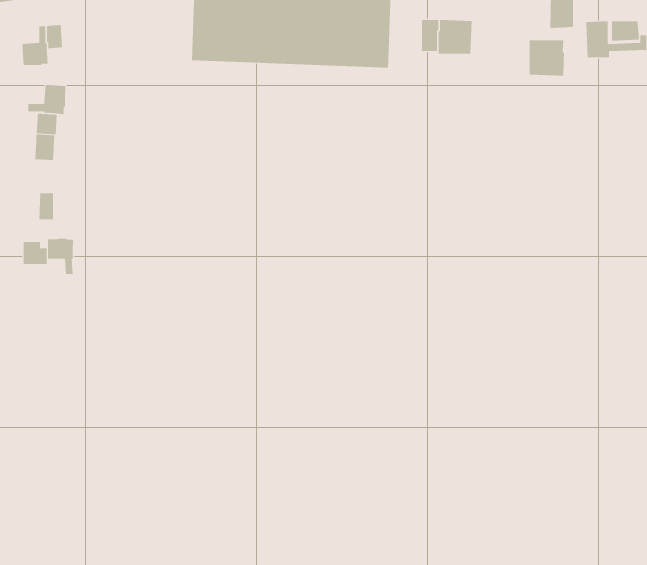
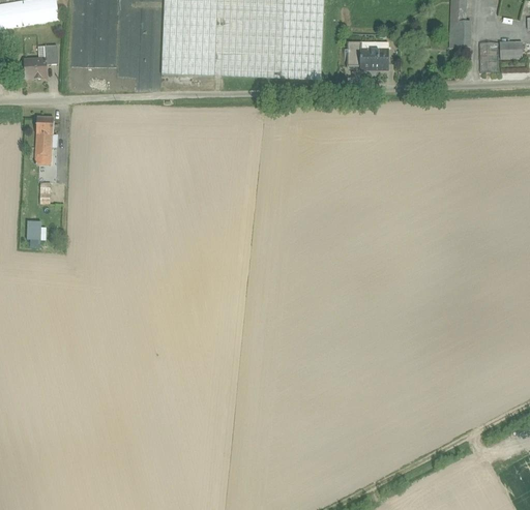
building: [529,39,565,77] -> none
building: [28,84,66,115] -> none
building: [47,238,74,275] -> none

